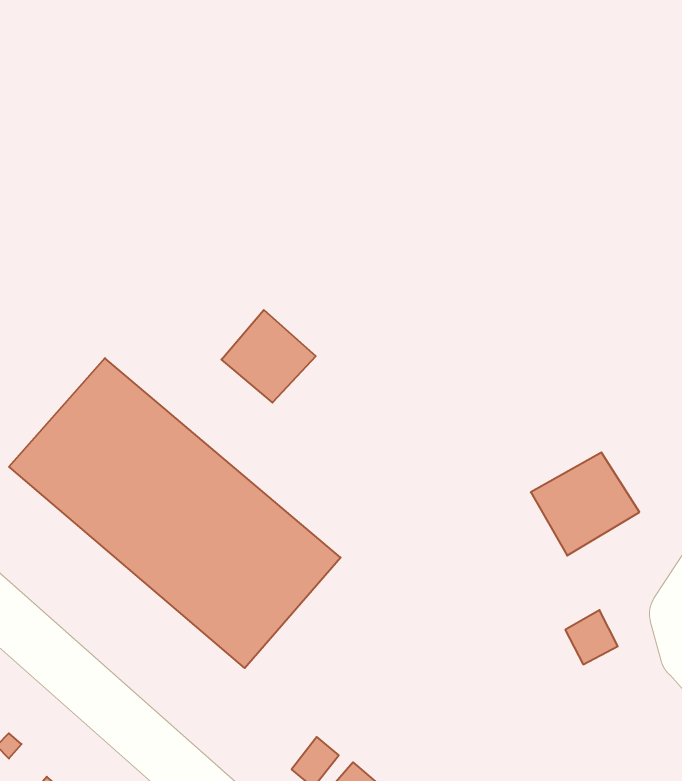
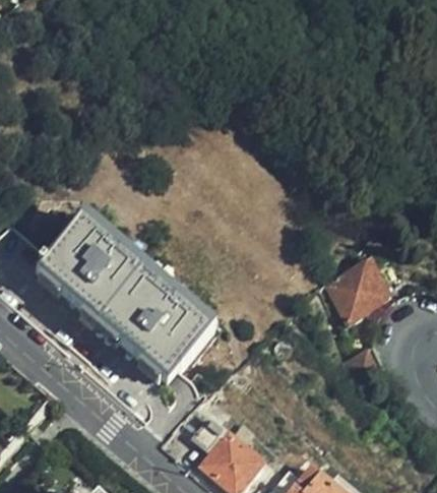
building: [221,310,316,403] -> none

